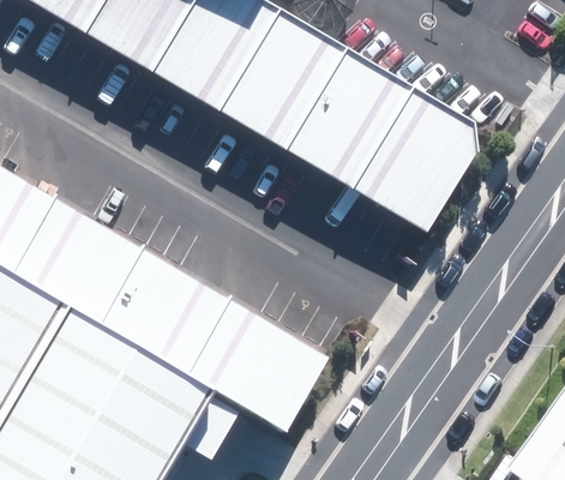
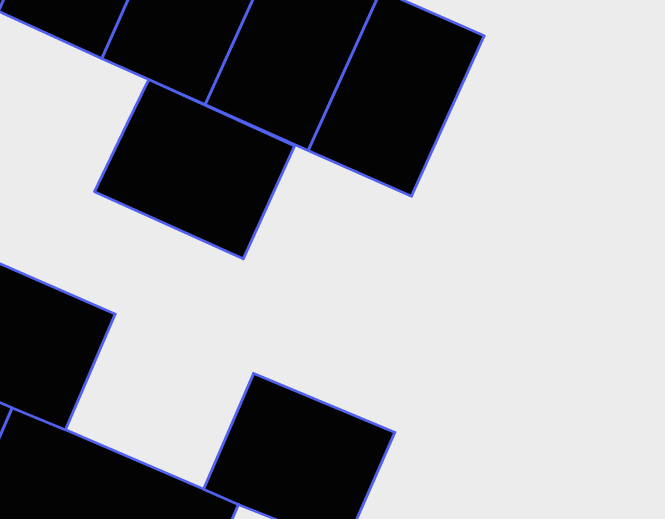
building: [355,88,485,233] -> none
building: none -> [95,79,294,259]
building: [100,250,233,377] -> none

